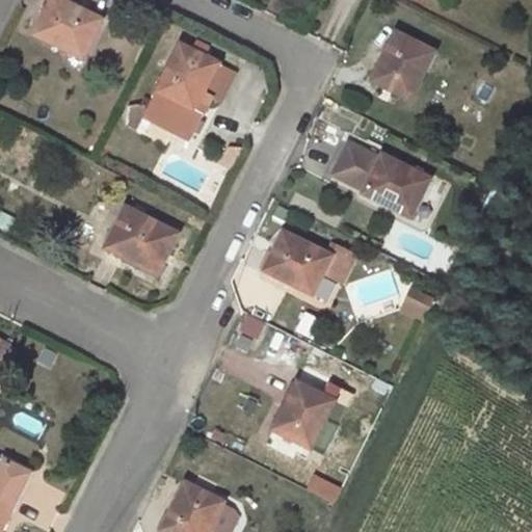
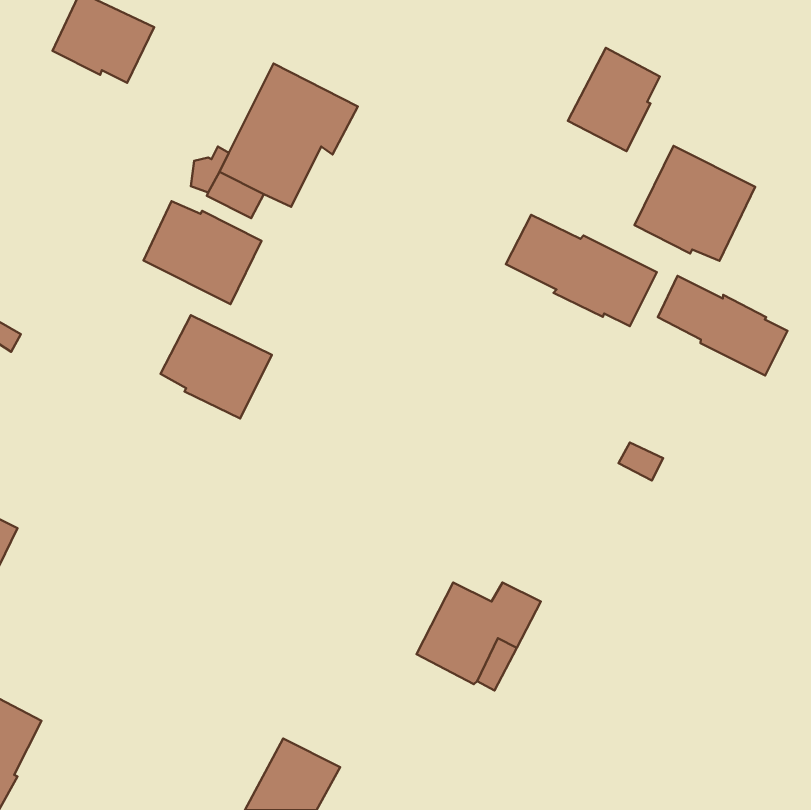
building: none -> [634,146,755,261]
building: none -> [143,201,262,304]
building: none -> [658,276,787,376]
building: [264,231,353,290] -> none

